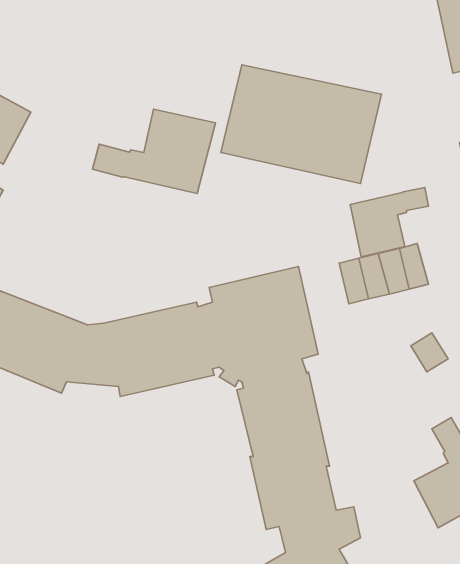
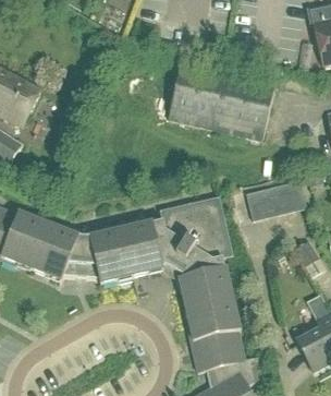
building: [92,109,215,194] -> none
building: [350,187,428,257] -> none

